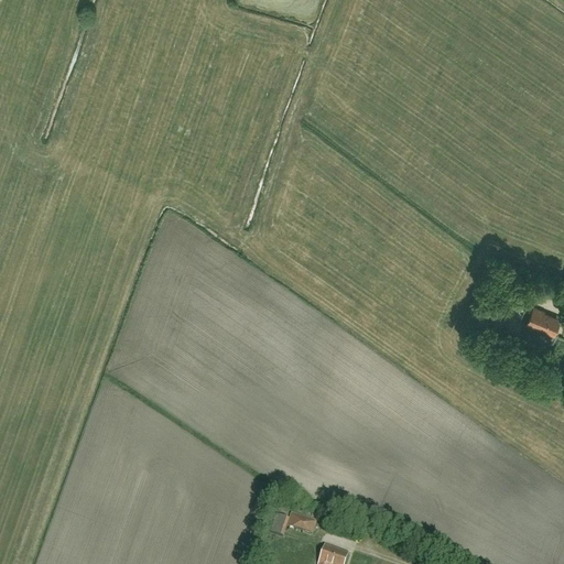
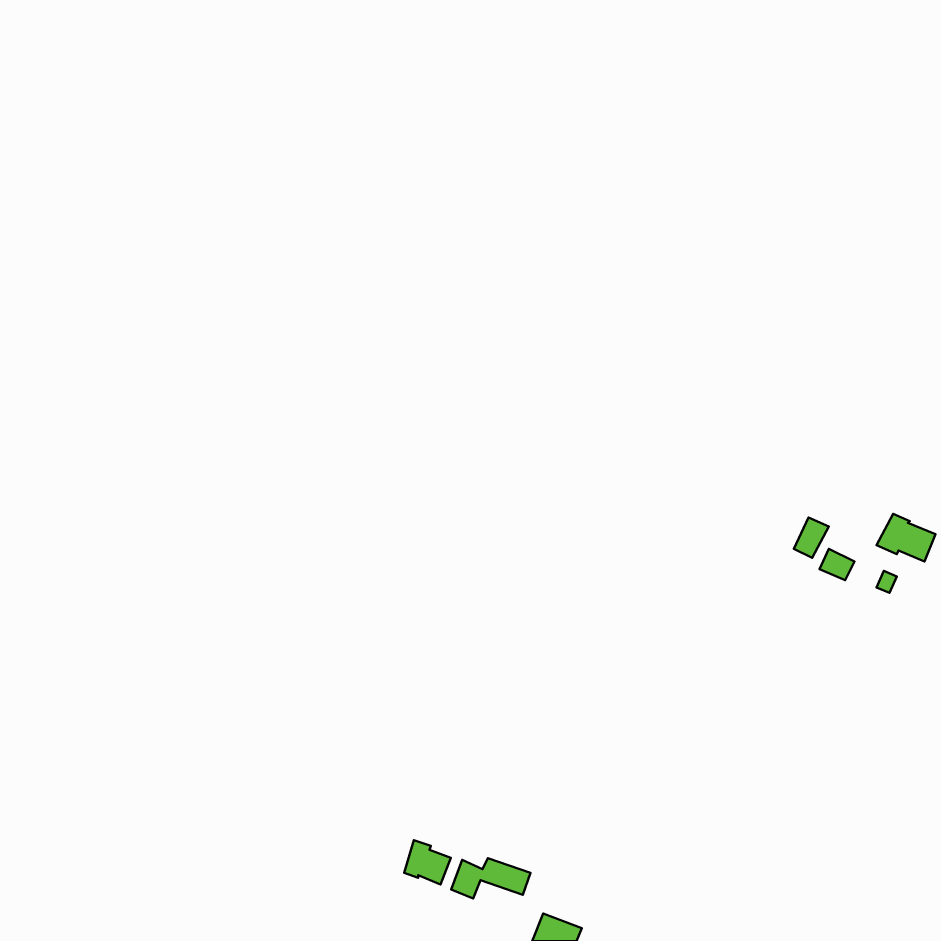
building: none -> [404,840,451,884]

